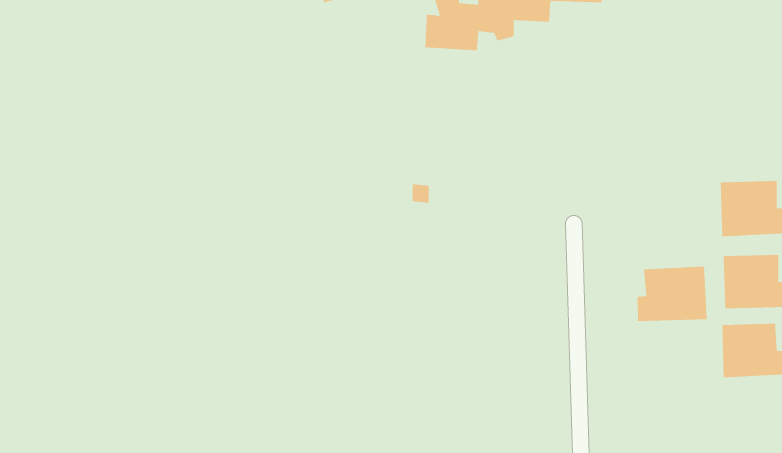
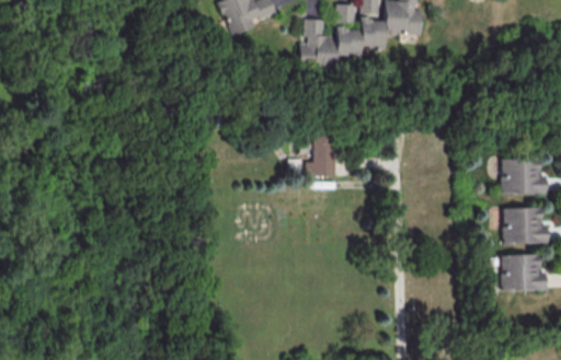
building: none -> [307,137,336,175]
building: [637,266,707,322] -> none

